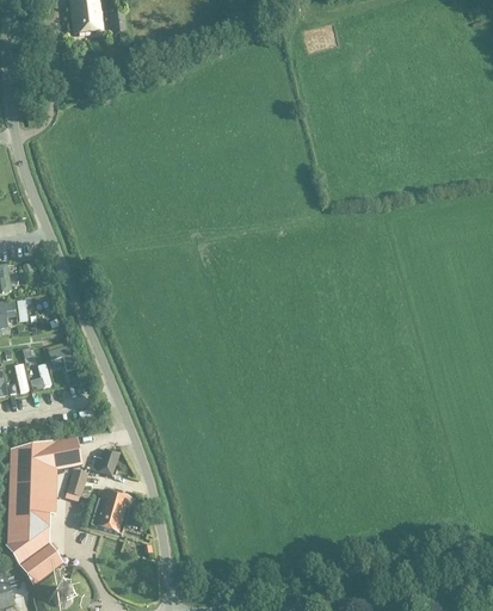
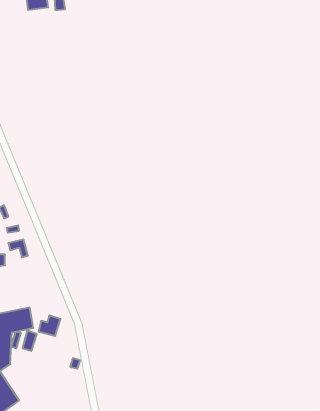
building: [92,489,134,535] -> none

